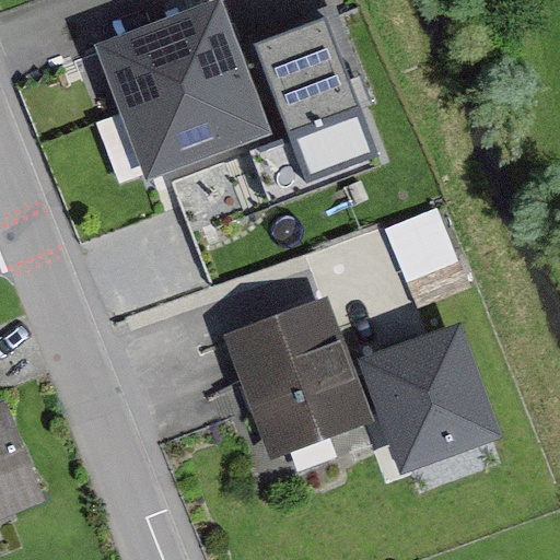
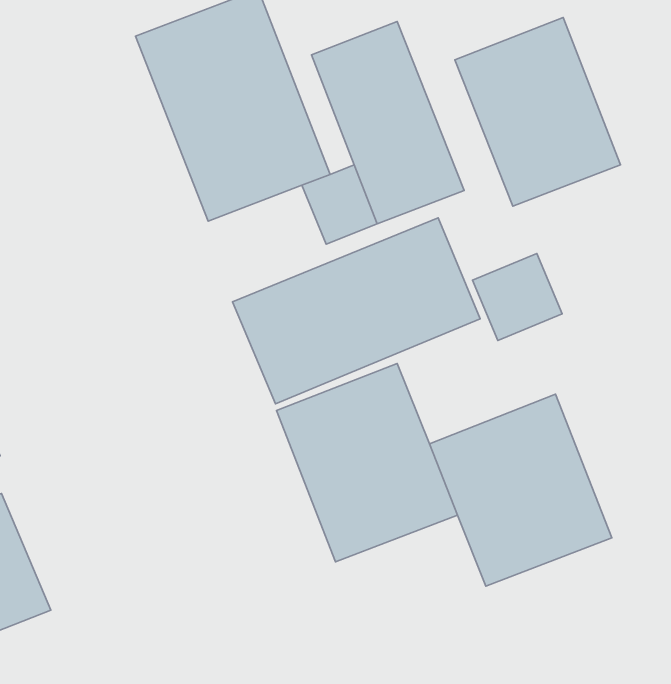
building: none -> [455,18,620,206]
building: none -> [233,218,480,404]

